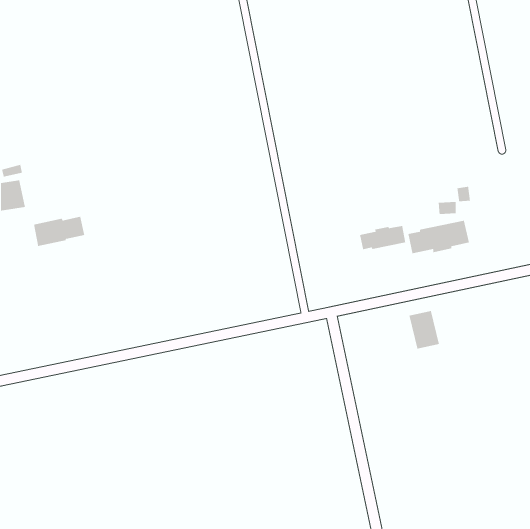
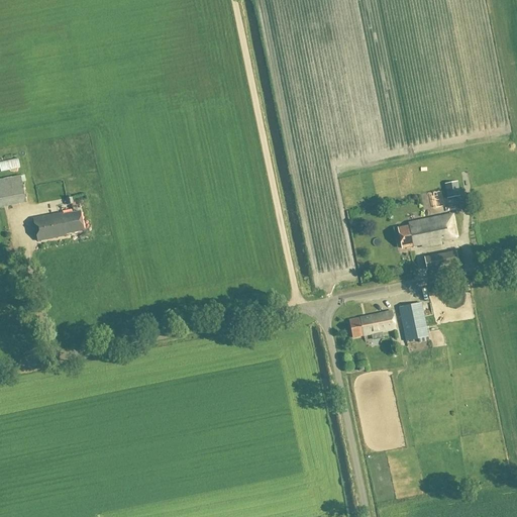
building: [359,225,406,250] -> none
building: none -> [348,311,395,337]

